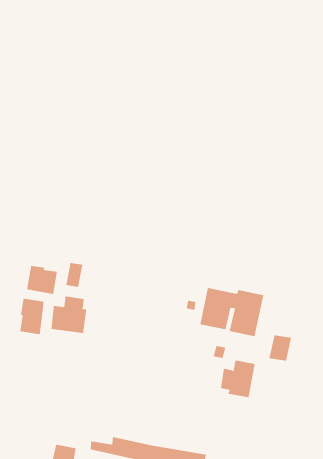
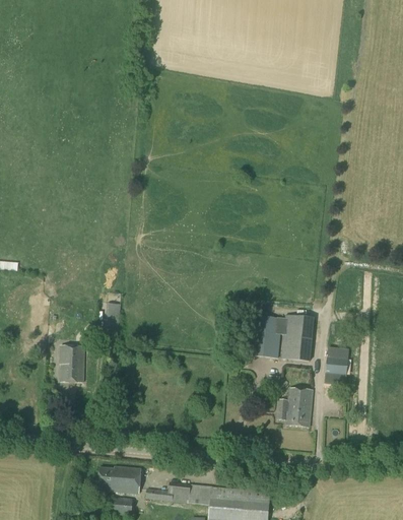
building: [27,265,58,295] -> none
building: [51,295,87,334] -> none
building: none -> [97,466,140,494]

